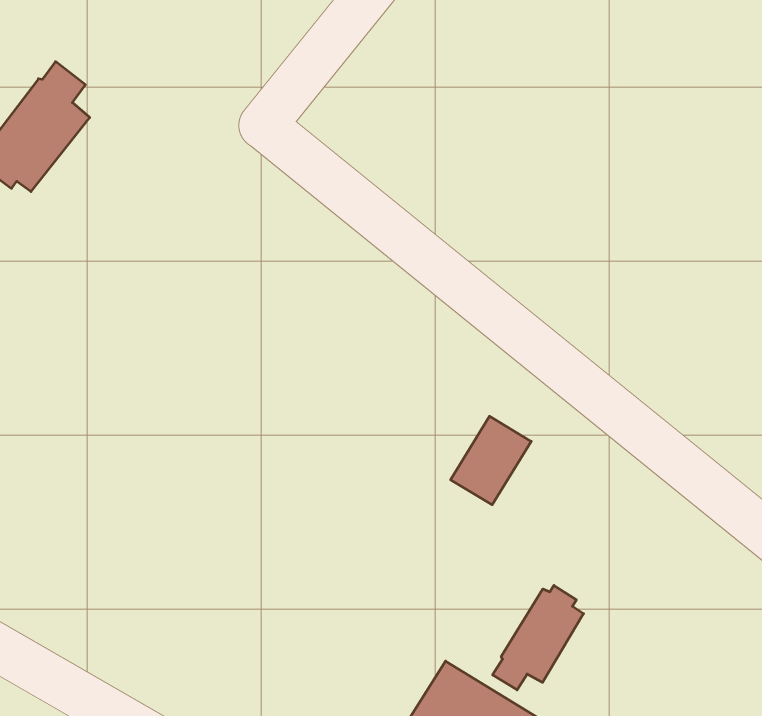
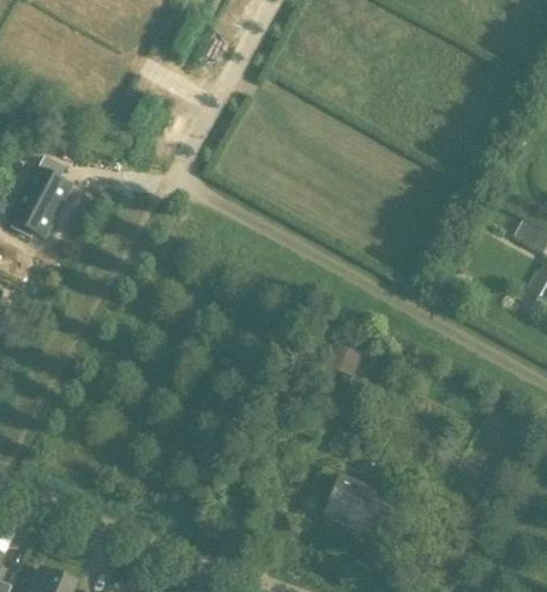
building: [493,585,584,690] -> none

